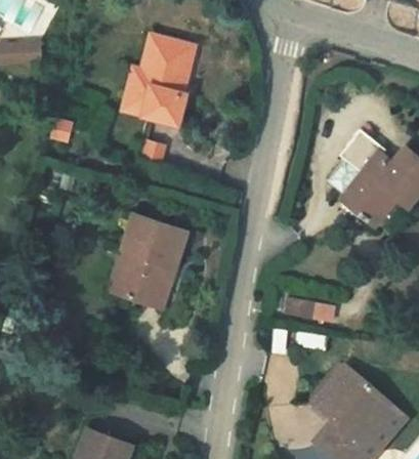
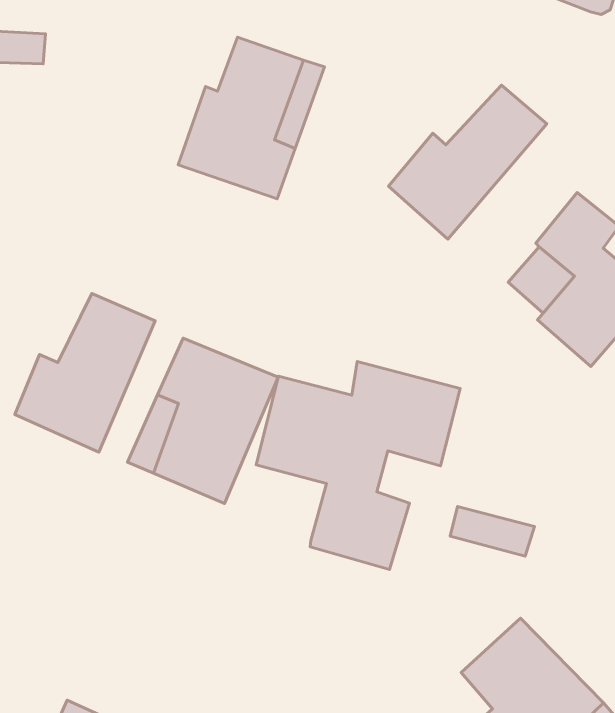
building: none -> [388,85,547,239]
building: none -> [15,294,155,452]
building: none -> [256,362,460,569]

